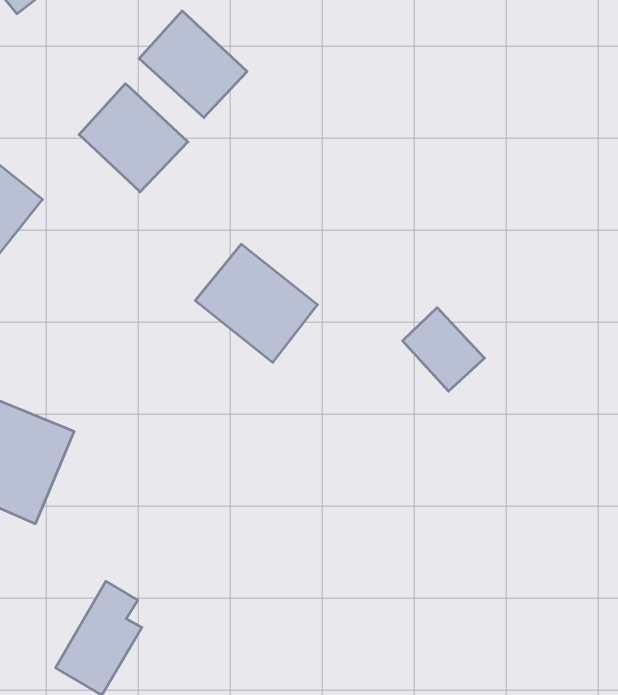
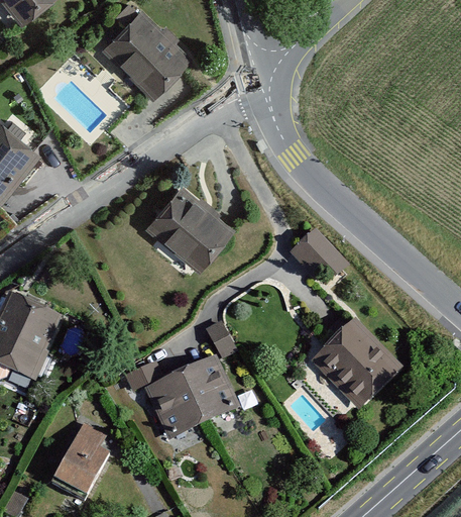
building: [79,84,188,192] -> none
building: none -> [312,317,401,406]
building: none -> [123,322,234,434]

